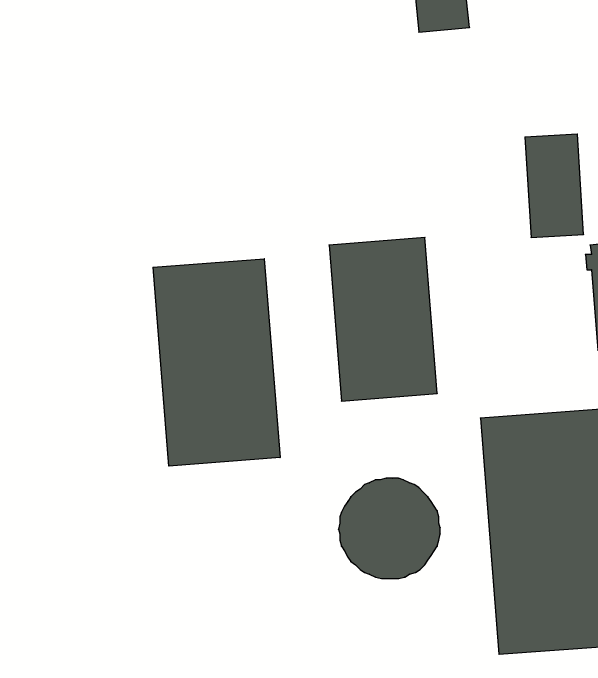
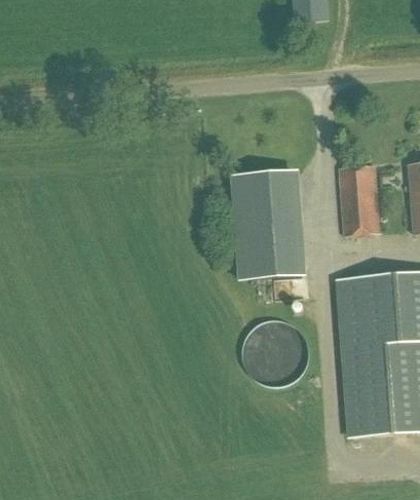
building: [525,134,584,237] -> [339,167,378,236]
building: [153,259,280,466] -> none

